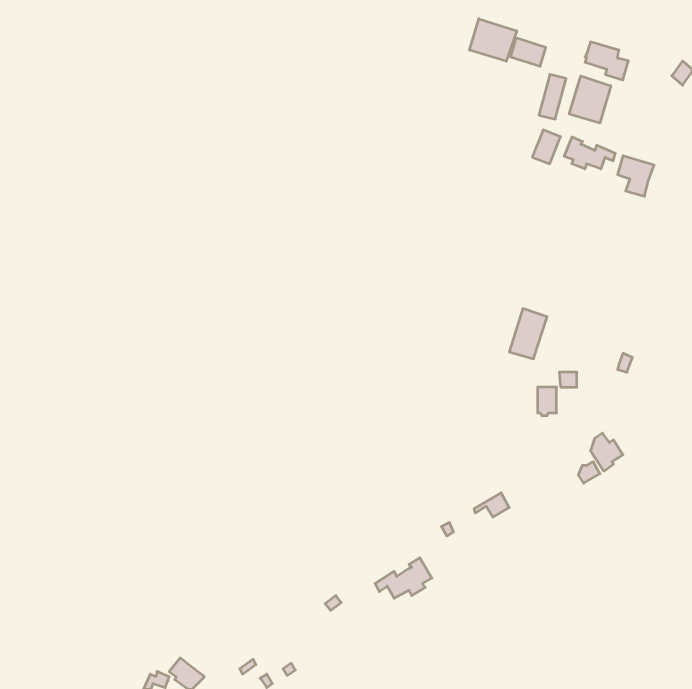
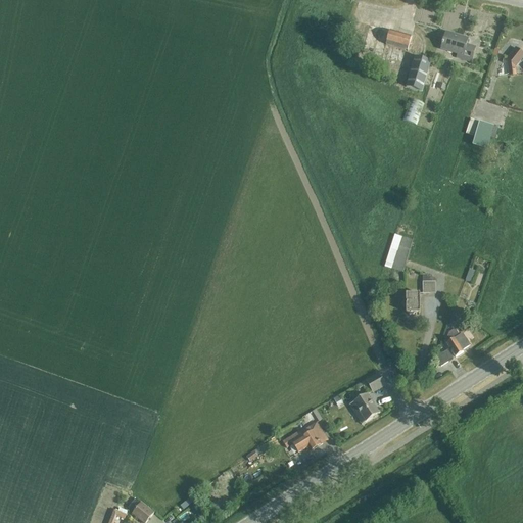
building: [469,19,517,61] -> none
building: [569,76,611,123] -> none
building: [564,137,615,169] -> none
building: none -> [352,392,379,421]

